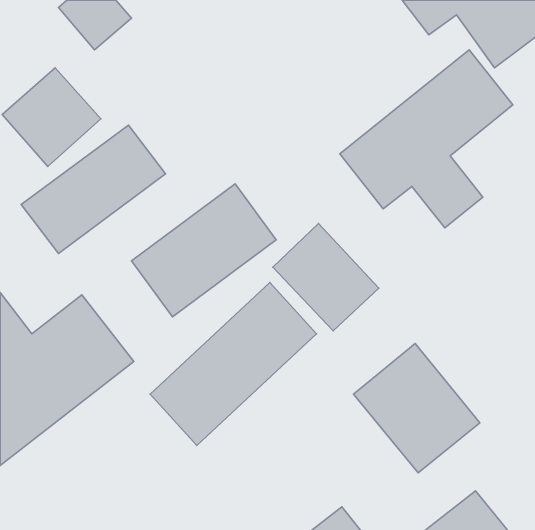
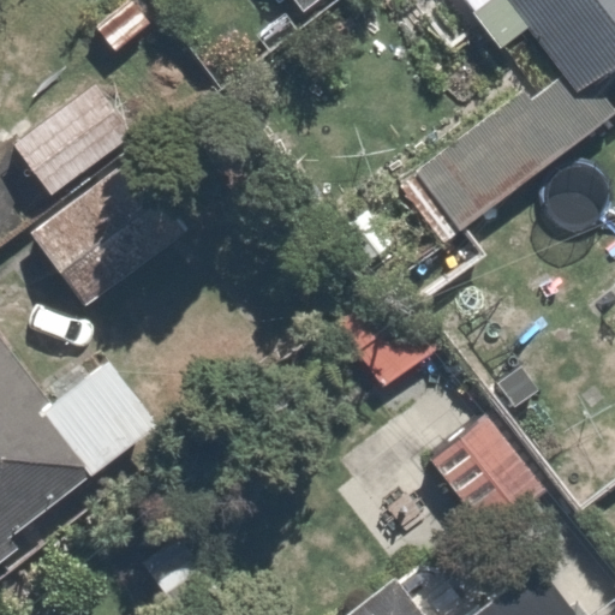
building: [132,184,276,317] -> none
building: [150,283,316,446] -> none

